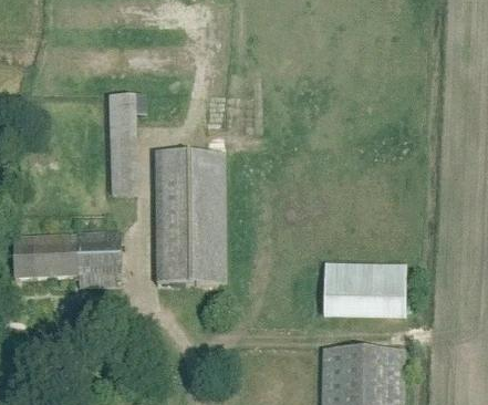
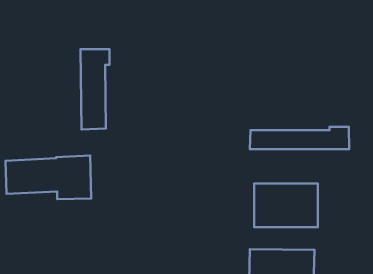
building: [155,149,226,281] -> none
building: none -> [250,127,349,149]

